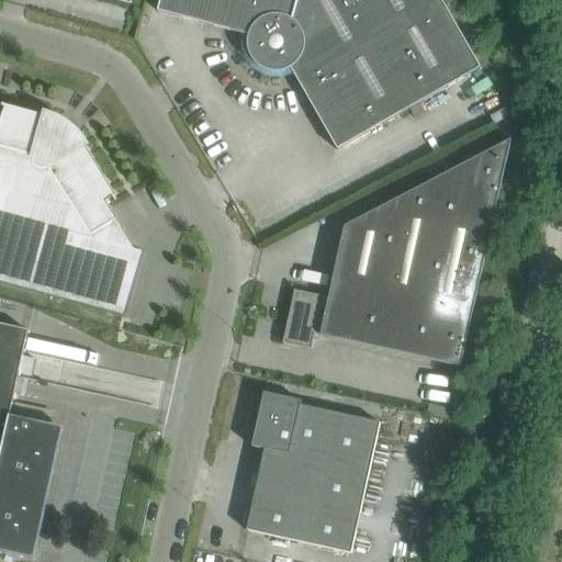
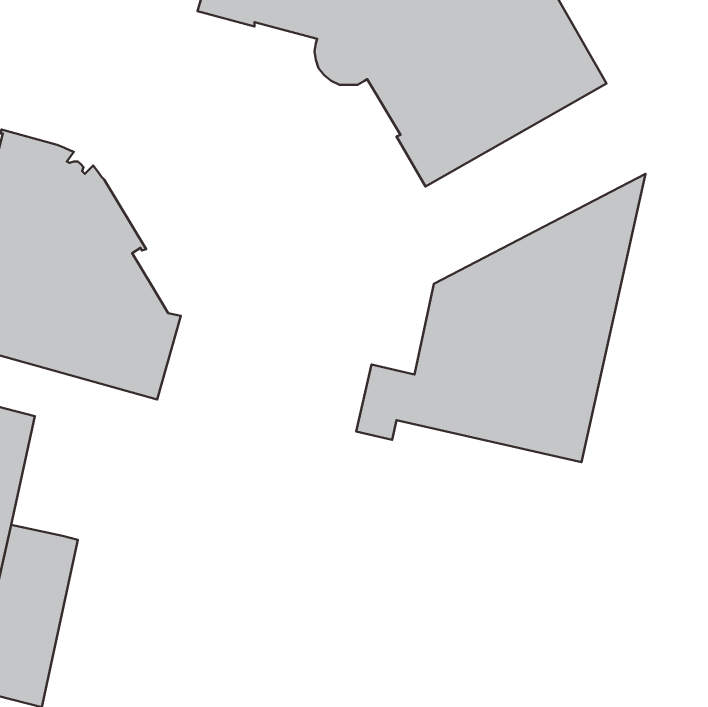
building: [245,390,379,551] -> none

